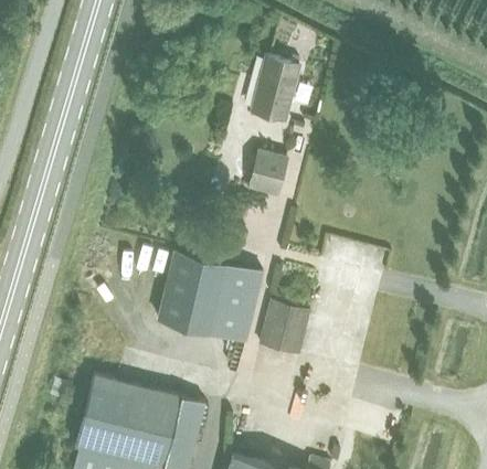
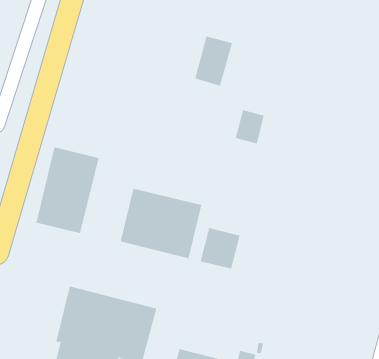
building: [248,151,286,195] -> [235,109,264,144]
building: none -> [36,146,99,234]

